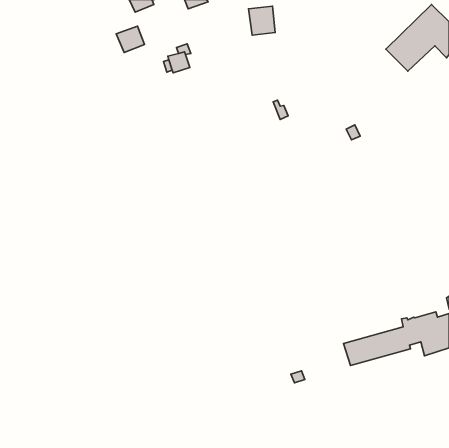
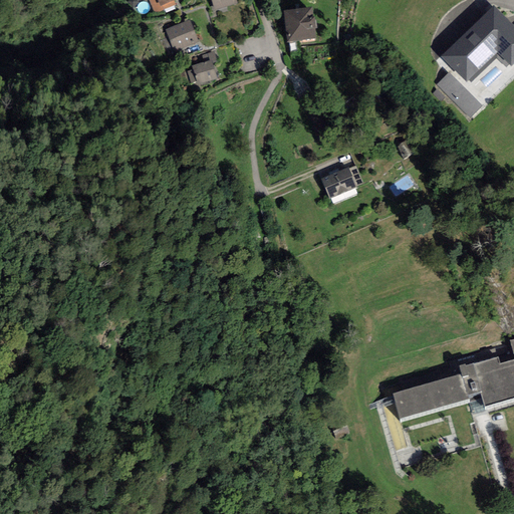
building: [116,26,144,52] -> [166,20,198,50]
building: none -> [437,71,482,117]
building: none -> [321,165,363,199]

